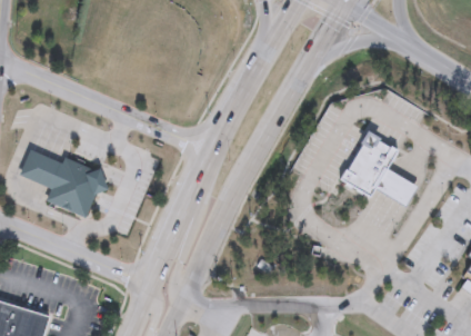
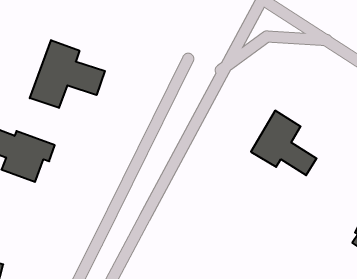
building: none -> [30,40,105,108]

